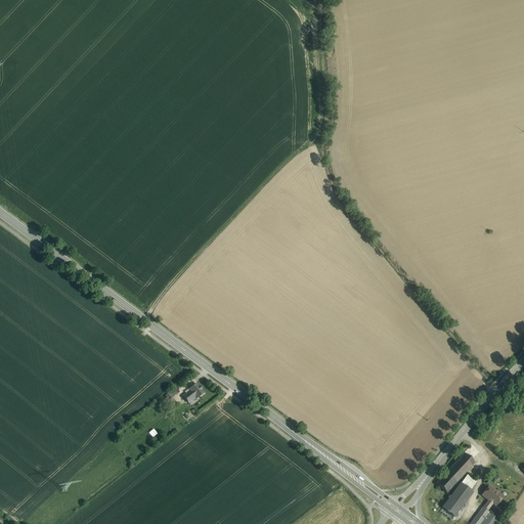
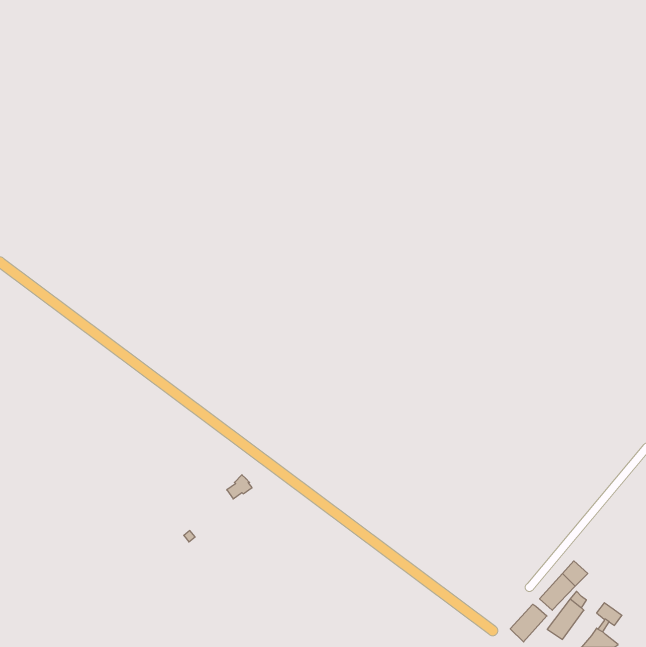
building: none -> [510,604,547,642]

